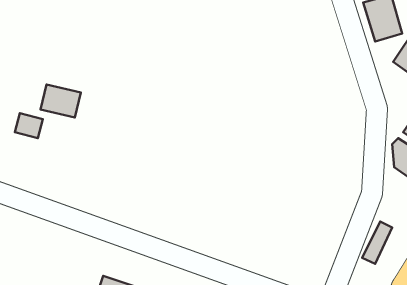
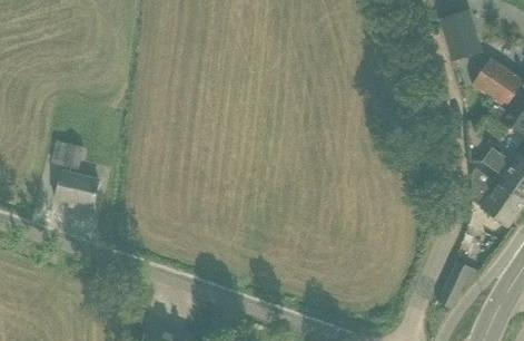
building: [41,84,81,118] -> [53,168,98,205]

